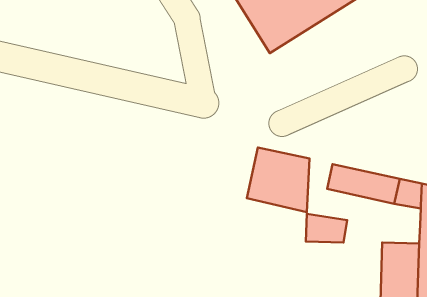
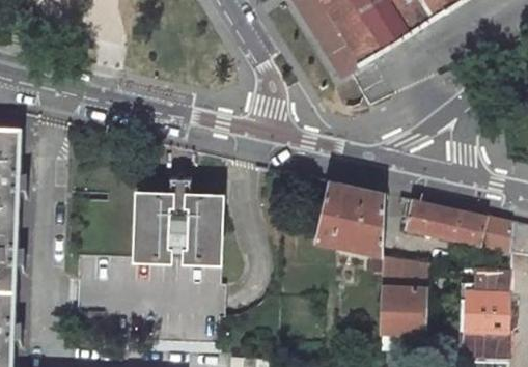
building: none -> [138,176,219,256]
building: none -> [380,286,423,332]

